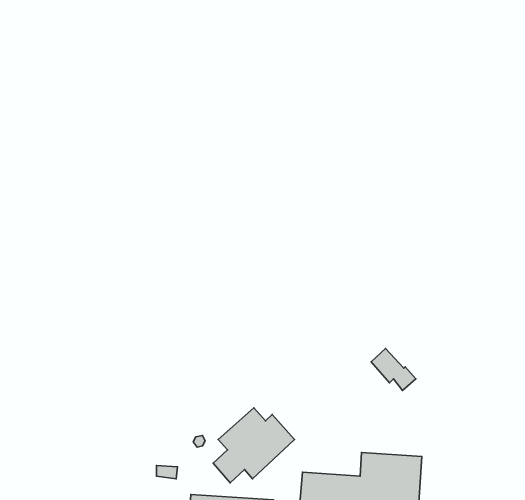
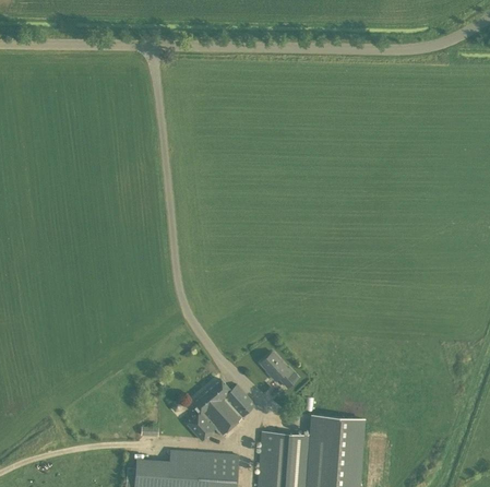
building: [371,349,416,391] -> [261,352,298,387]

